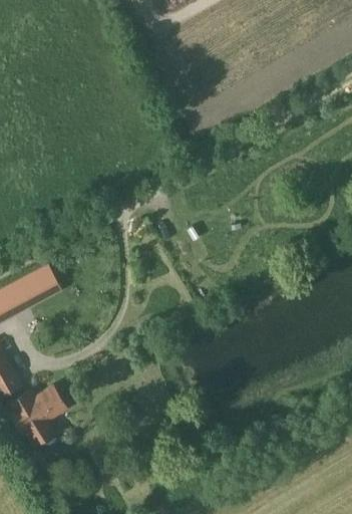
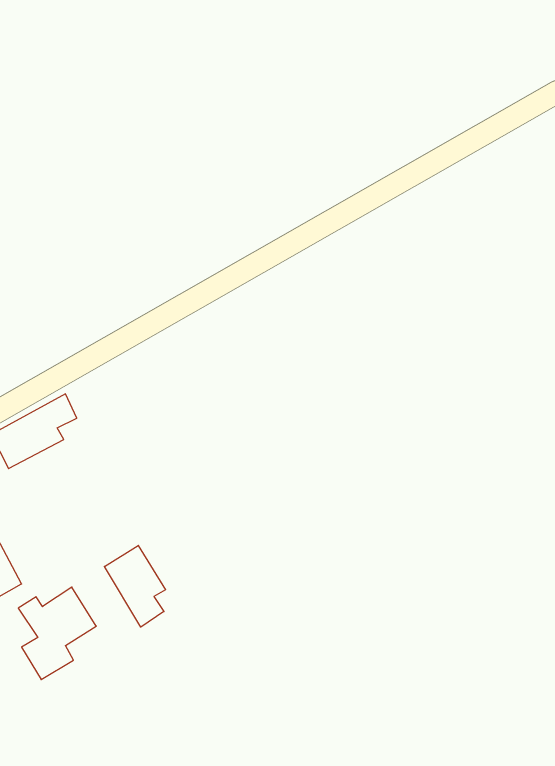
building: none -> [104,545,166,627]

